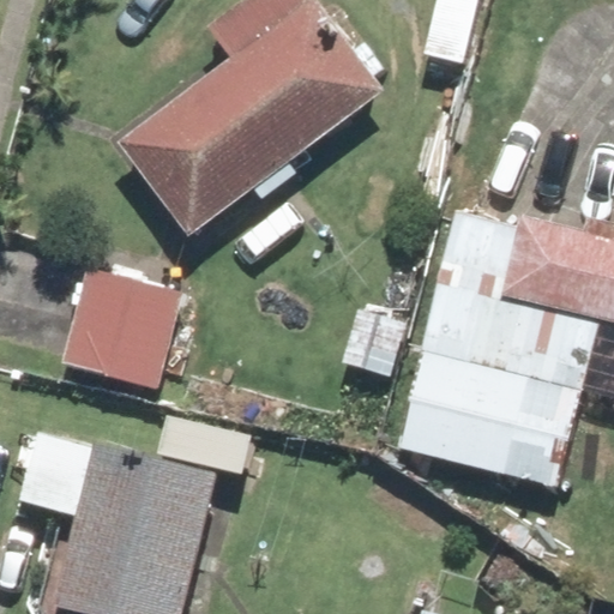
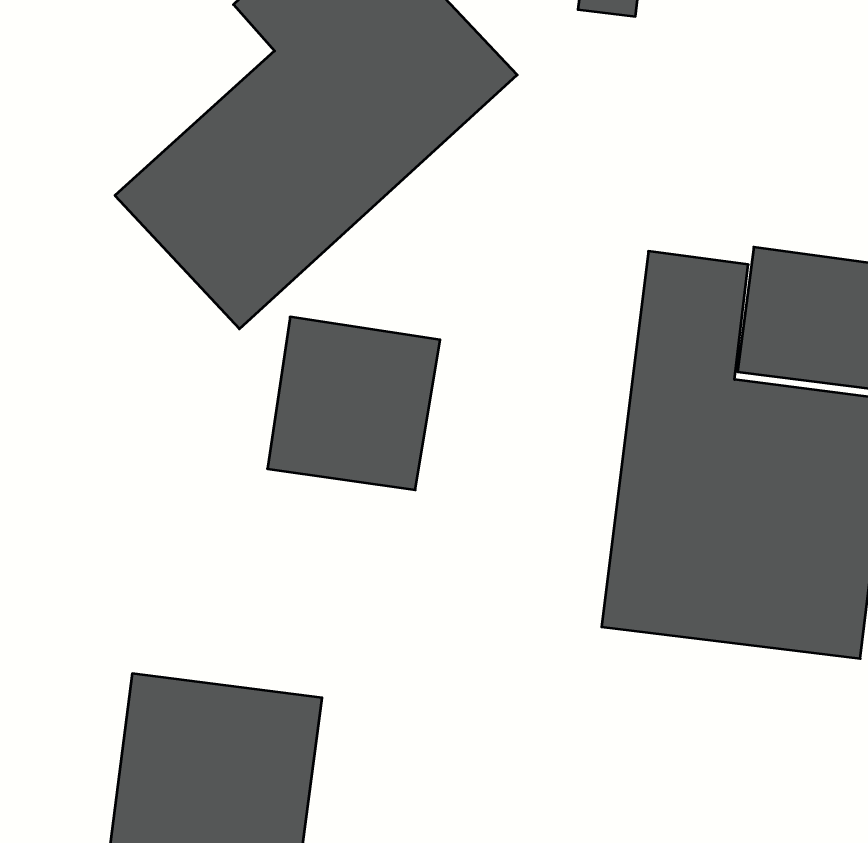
building: [64,269,182,387] -> [267,317,440,490]

